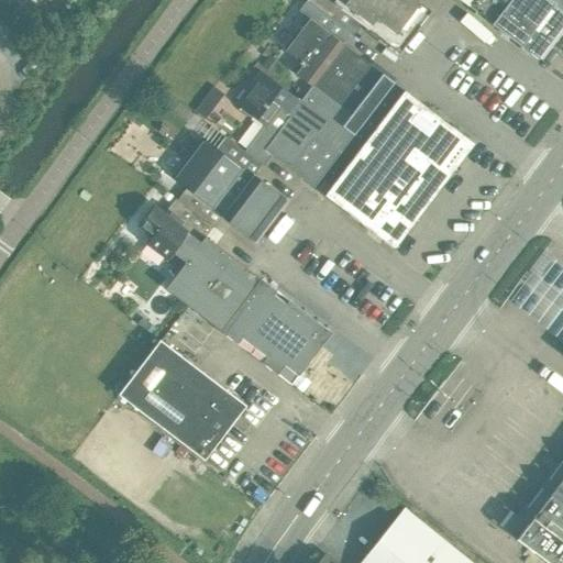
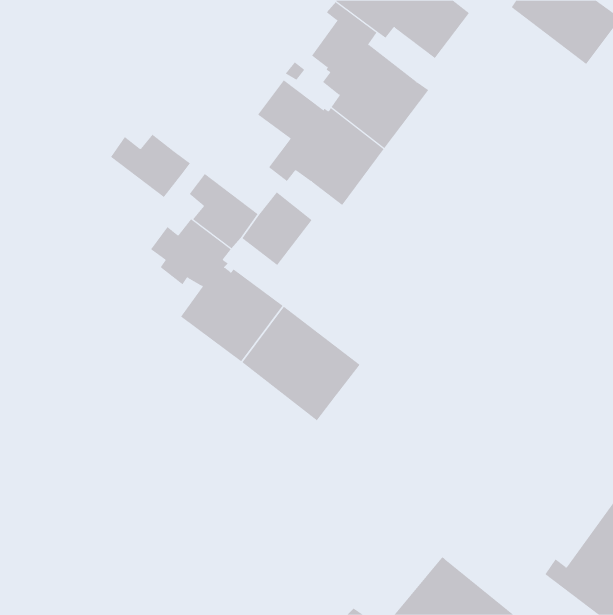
building: [314,82,474,249] -> none
building: [188,137,264,196] -> [110,134,193,198]
building: [119,341,245,460] -> none

